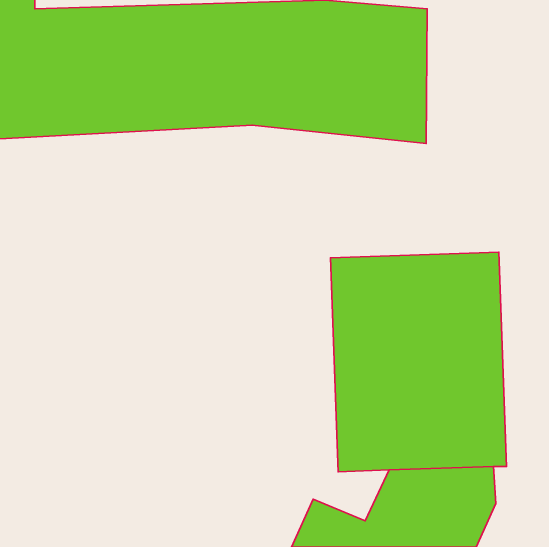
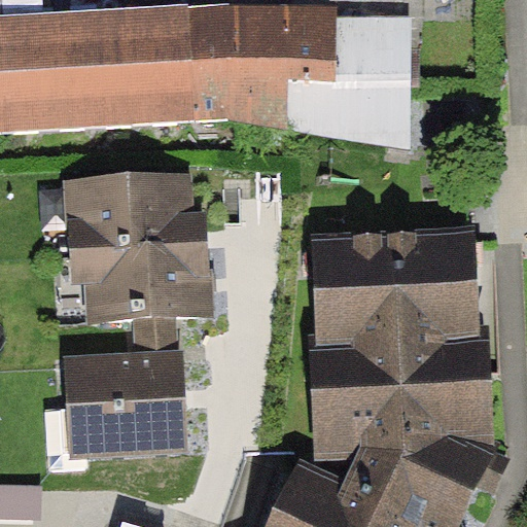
building: none -> [69,176,201,311]
building: none -> [67,356,177,458]

